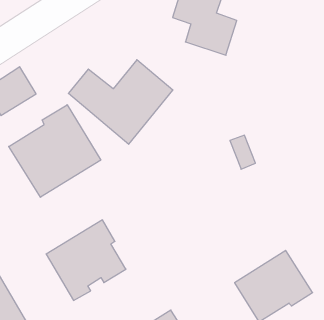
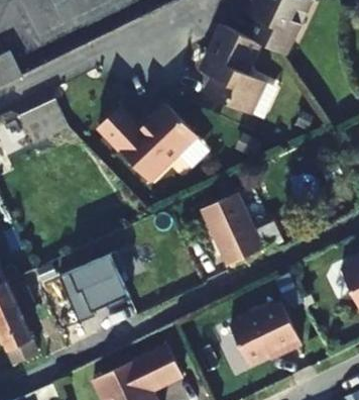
building: [9,105,101,197] -> none
building: none -> [201,193,261,267]

